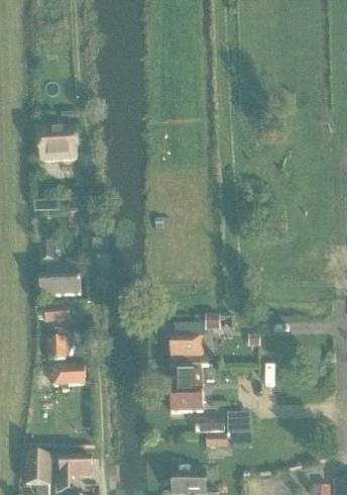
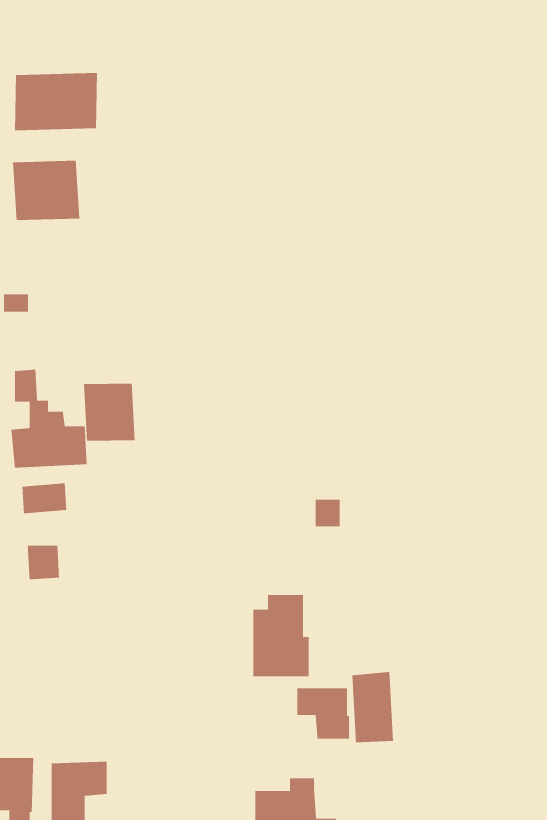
building: none -> [14,72,97,131]
building: none -> [83,383,135,441]
building: [169,321,208,365] -> none
building: [52,362,85,389] -> none

